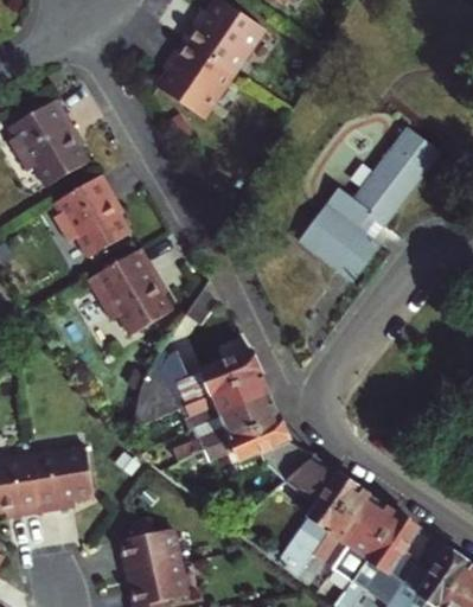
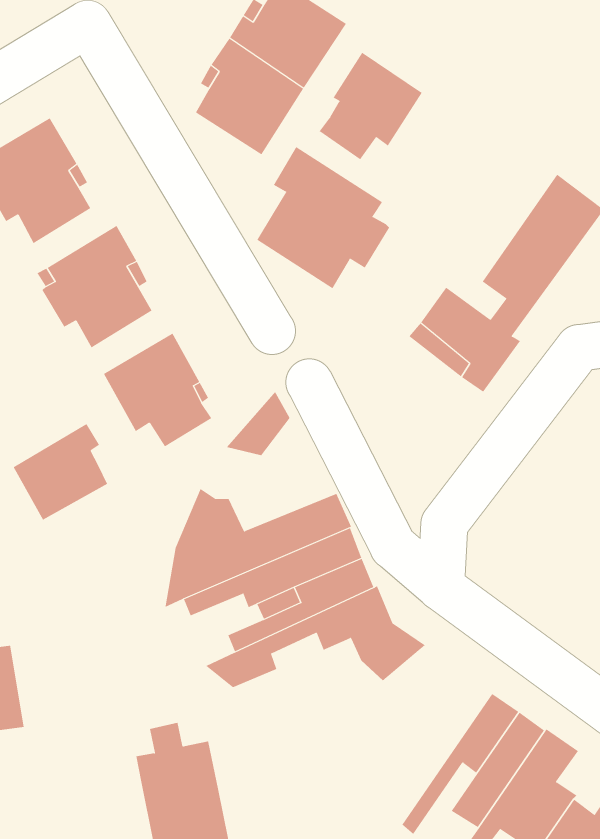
building: none -> [319,52,422,160]
building: none -> [257,146,390,289]
building: none -> [13,423,108,520]
building: [28,451,87,515] -> none
building: [279,458,363,582] -> none

